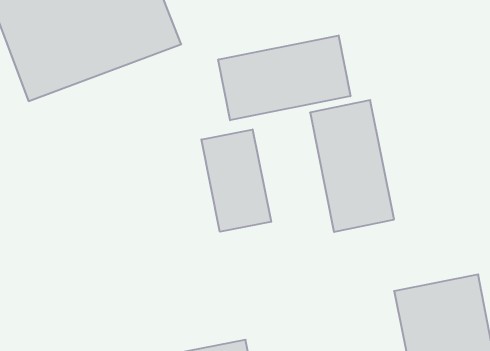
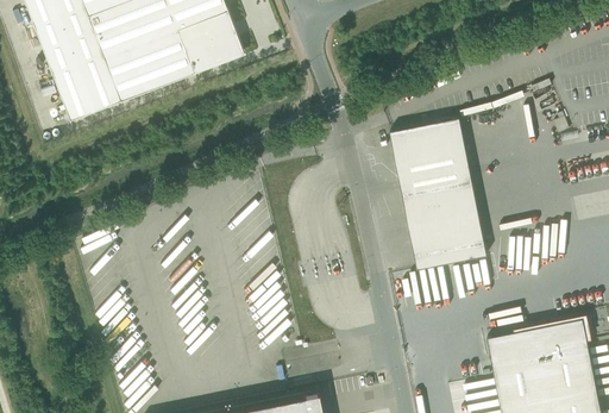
building: [218,35,350,120] -> none
building: [201,129,271,232] -> none

